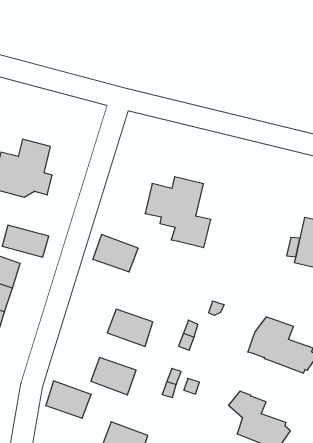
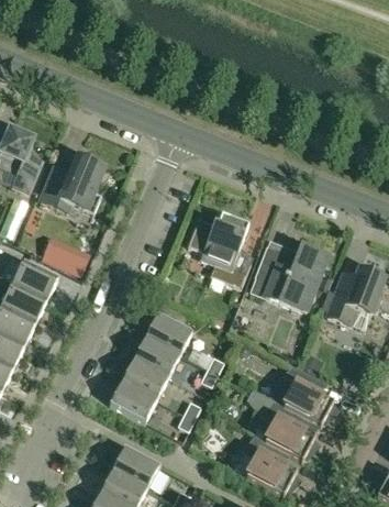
building: none -> [248,246,327,312]
building: [93,234,138,272] -> [145,313,191,354]
building: none -> [259,399,318,461]
building: [46,381,91,418] -> [122,359,168,399]

